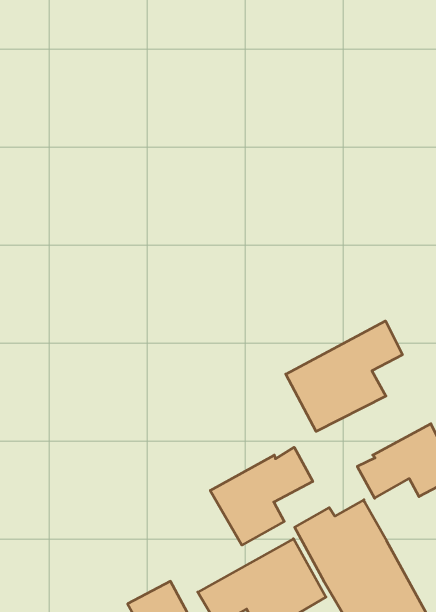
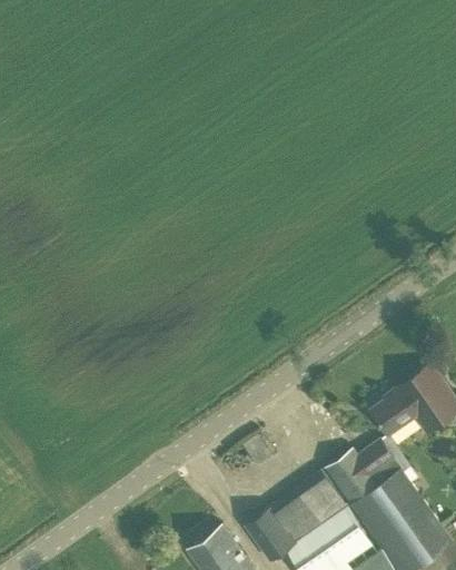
building: [286,321,402,431] -> none
building: [210,447,313,545] -> none

